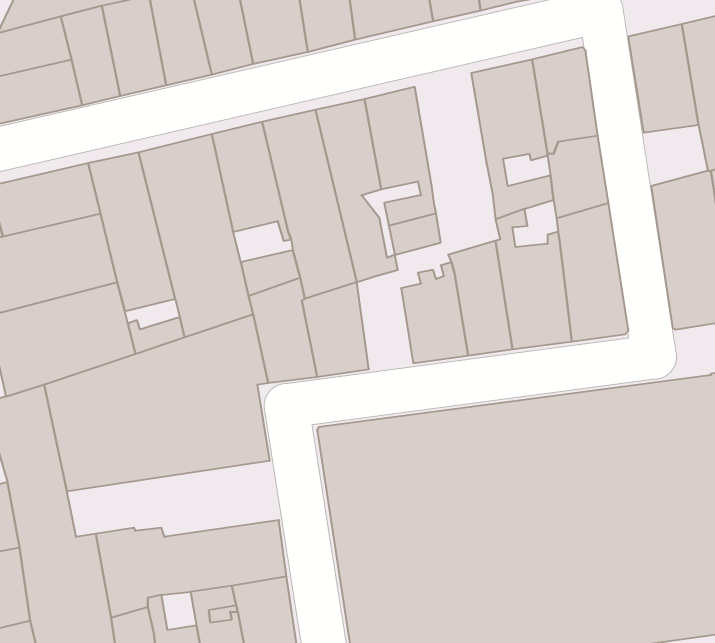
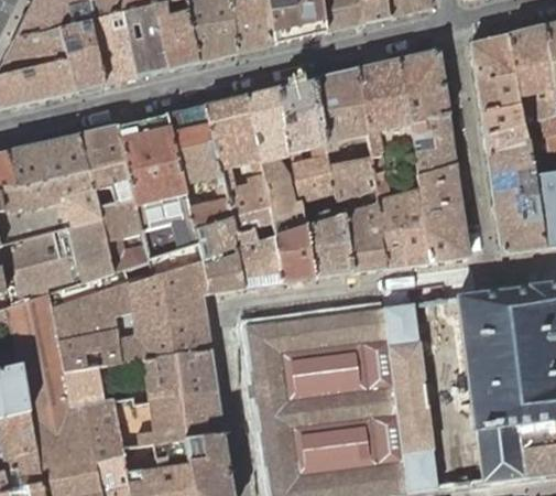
building: none -> [316,68,368,149]
building: none -> [481,106,527,150]
building: none -> [330,155,378,200]
building: none -> [274,215,315,282]
building: none -> [65,348,218,403]

